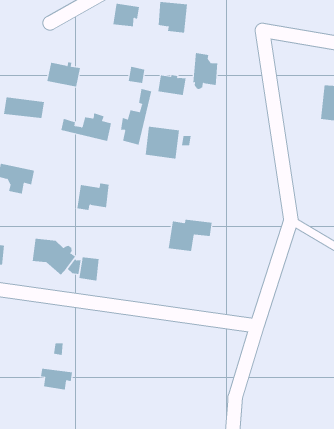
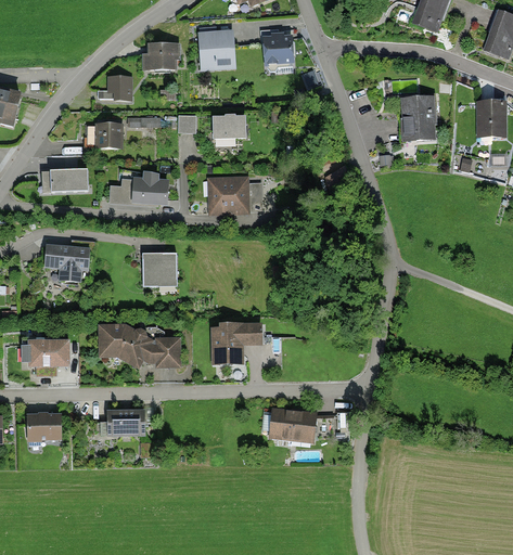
building: none -> [98,76,132,101]
building: [192,53,218,89] -> [262,28,293,69]
building: [120,88,152,146] -> none
building: [168,219,213,252] -> [214,323,260,361]
building: none -> [270,409,315,439]
building: [40,368,73,390] -> [107,411,144,433]

